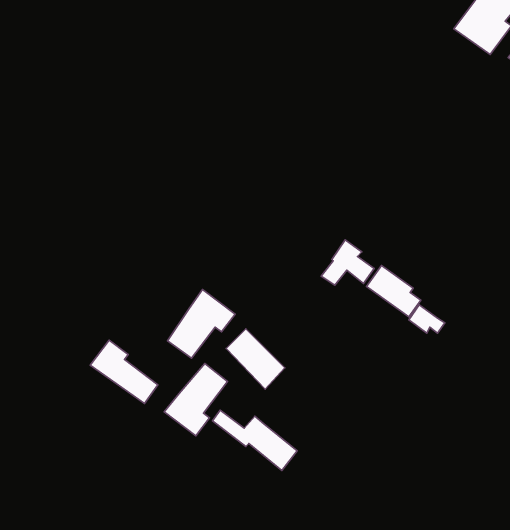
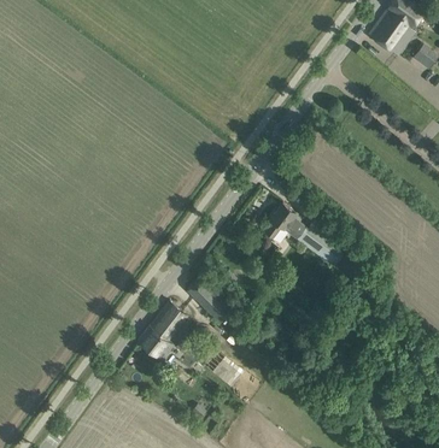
building: [167,289,235,358] -> none
building: [90,340,158,404] -> none

